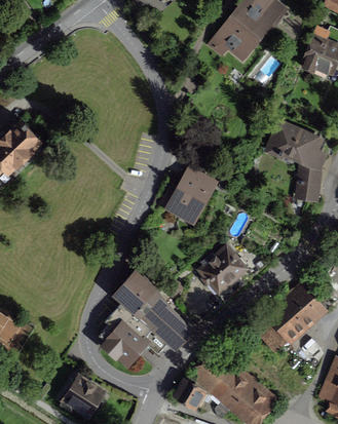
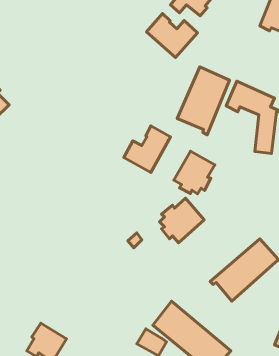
building: none -> [146,14,197,58]
building: none -> [177,67,229,135]
building: none -> [174,151,215,194]
building: [99,258,190,360] -> none

